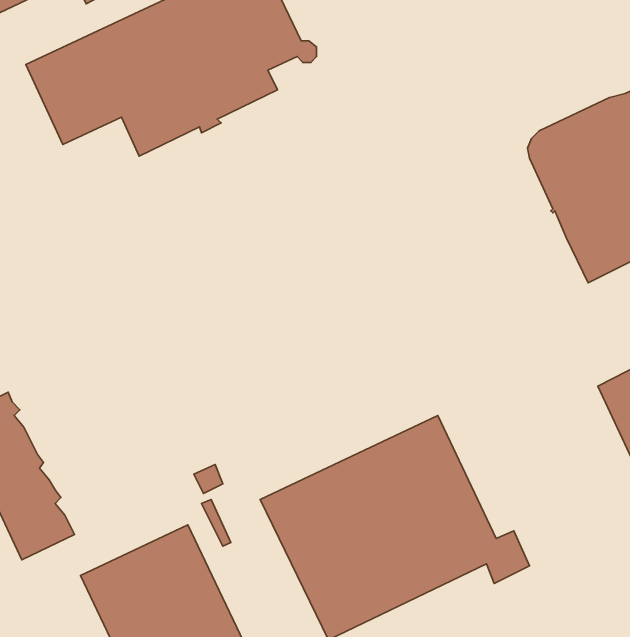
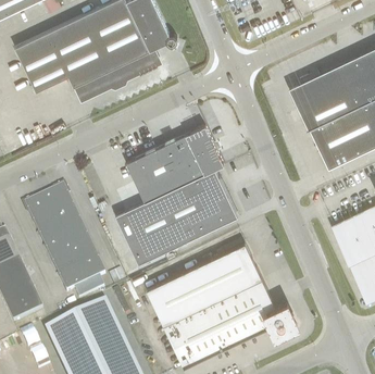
building: none -> [115,122,237,261]
building: none -> [25,184,105,296]

